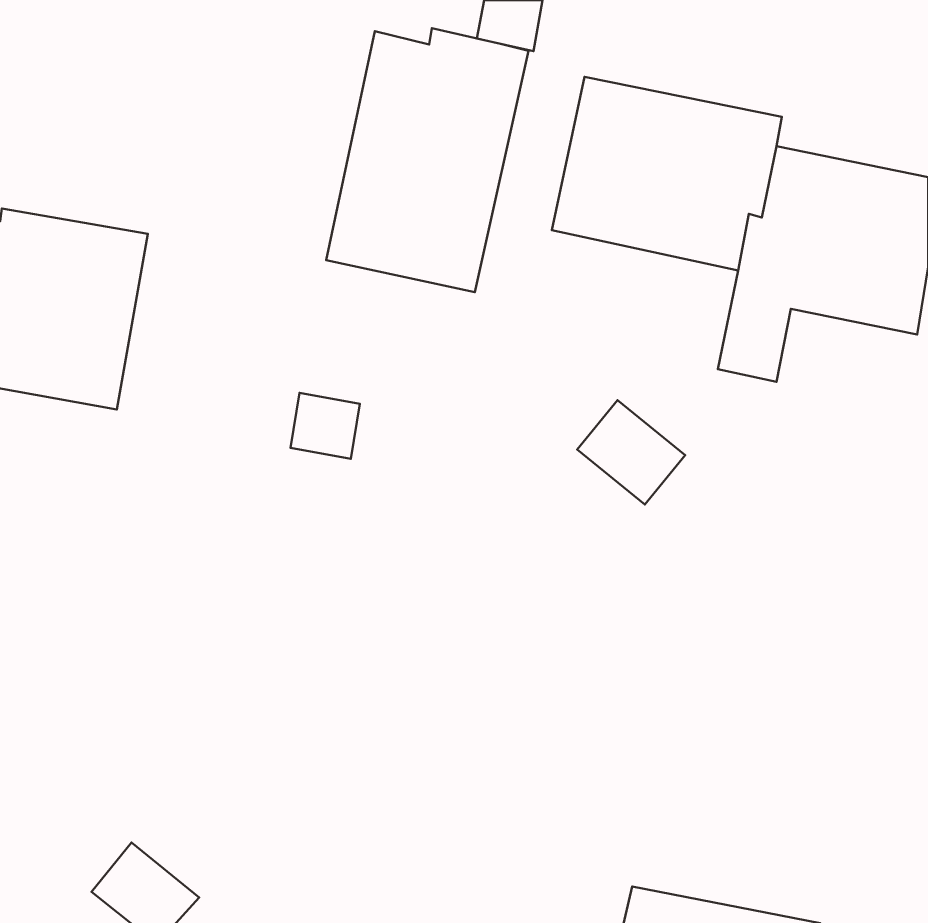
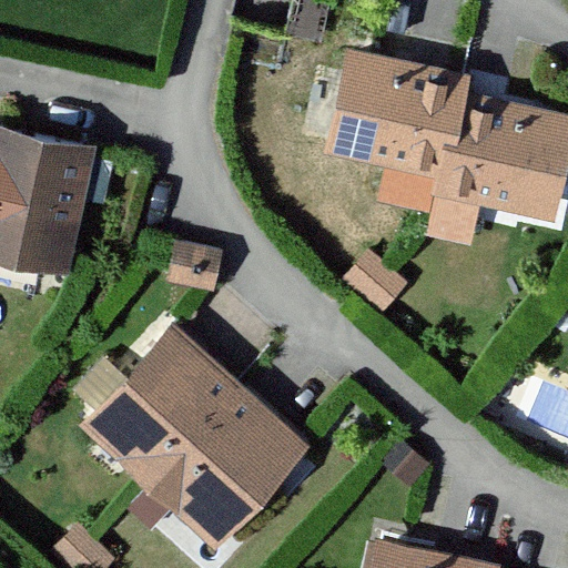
building: [326,28,529,292] -> none
building: none -> [97,332,301,531]

